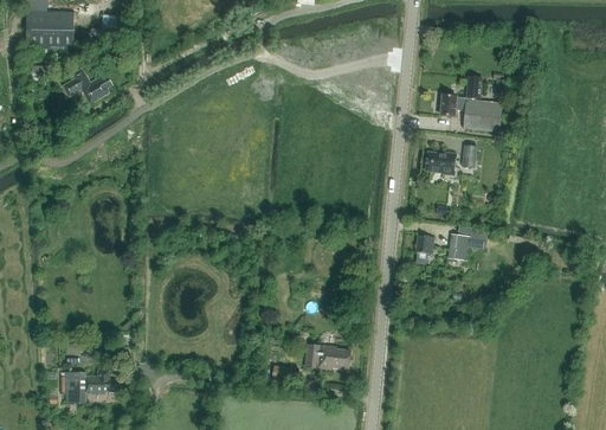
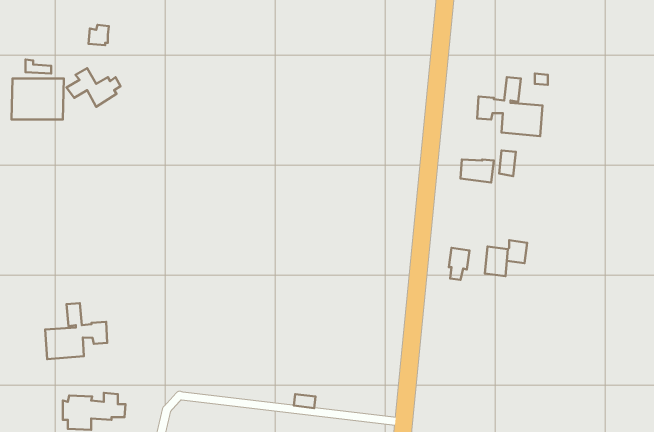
building: [25,11,73,49] -> [11,78,64,119]
building: none -> [45,303,107,359]
building: [305,344,349,368] -> none

